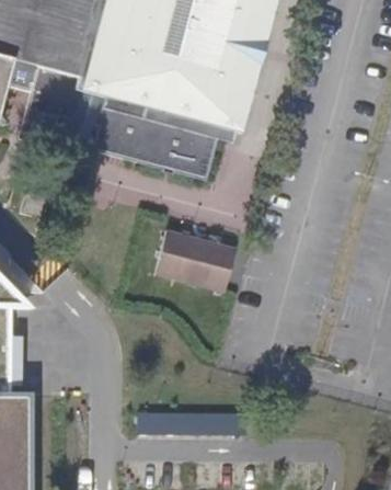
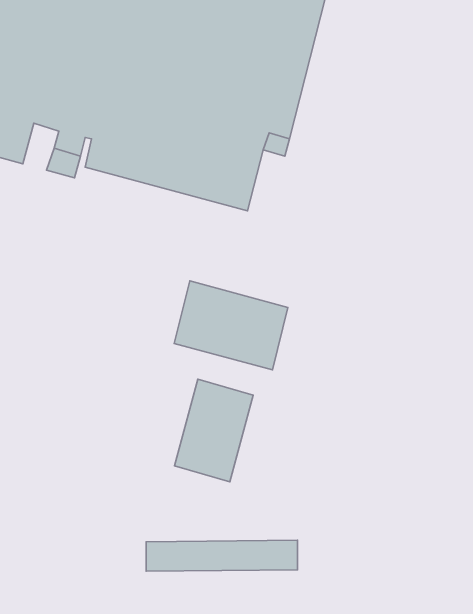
building: none -> [174,379,253,482]

